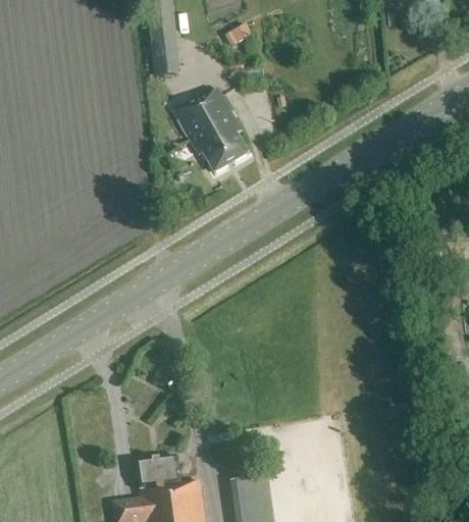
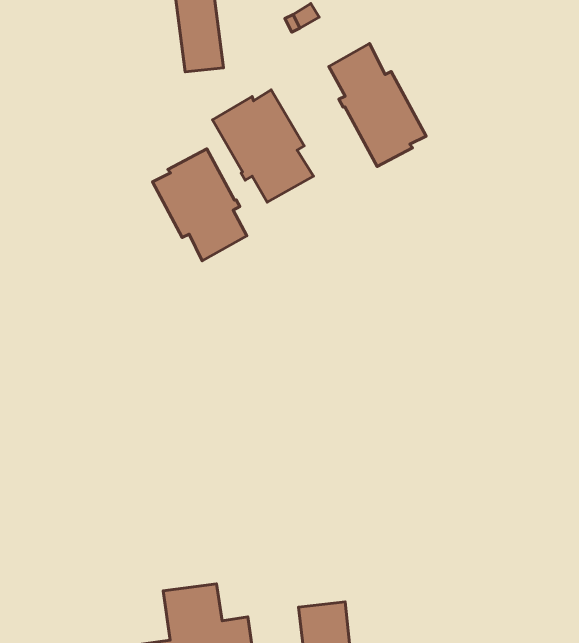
building: none -> [329,44,426,167]
building: none -> [153,149,247,261]

